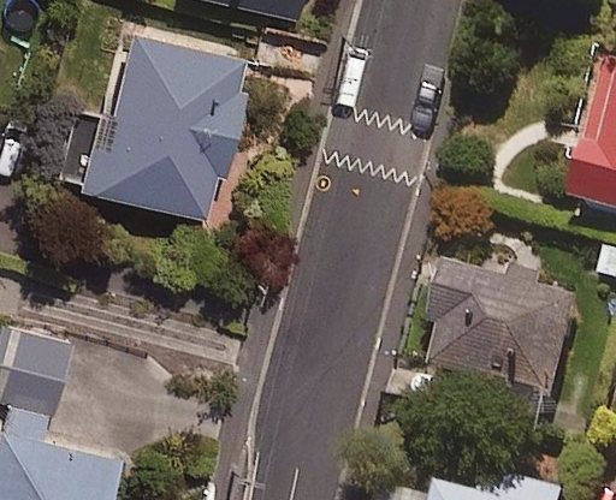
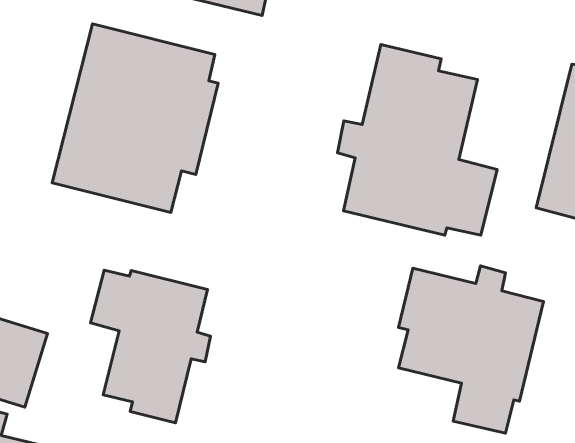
building: none -> [338,45,497,235]
building: none -> [90,270,211,423]

